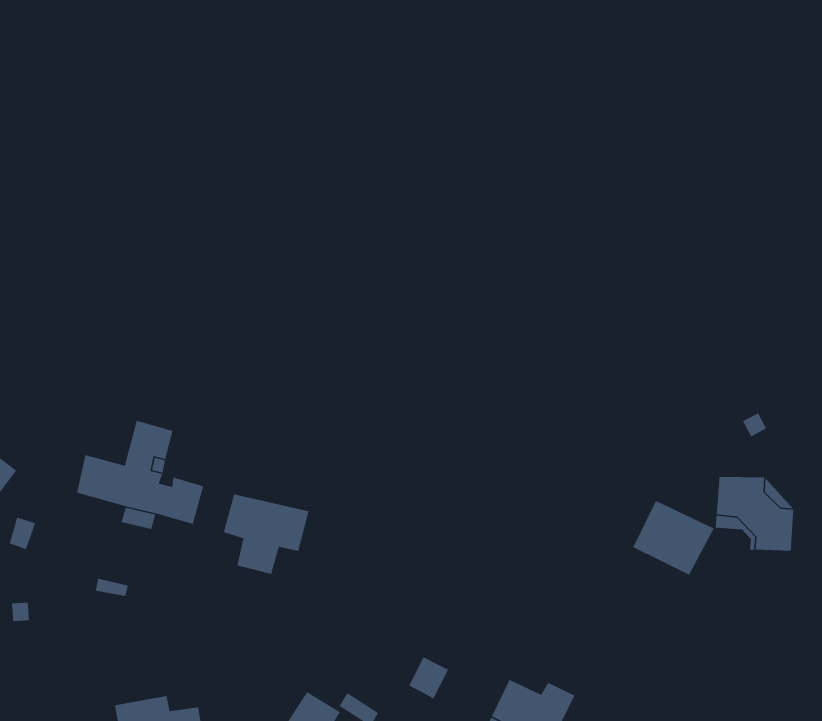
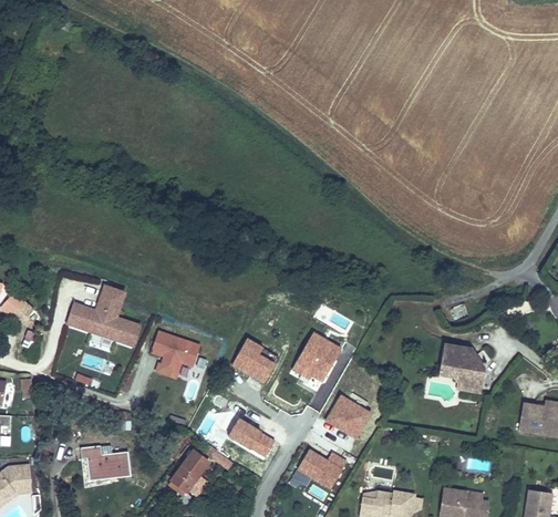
building: none -> [291,330,342,382]
building: none -> [231,338,276,383]
building: [632,500,715,576] -> [324,393,373,438]
building: none -> [228,416,261,448]

